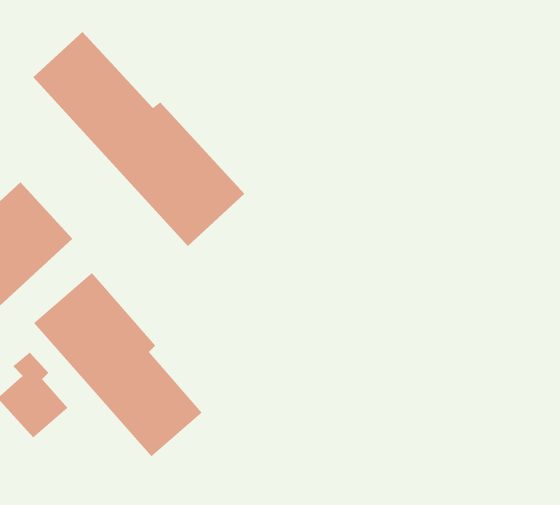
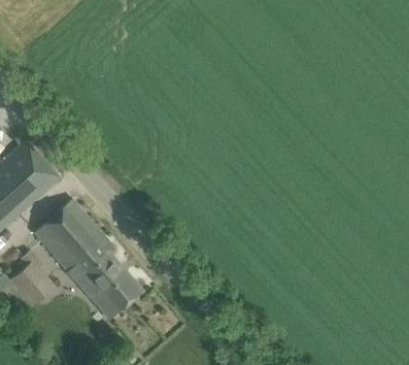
building: [32,31,245,247] -> none

